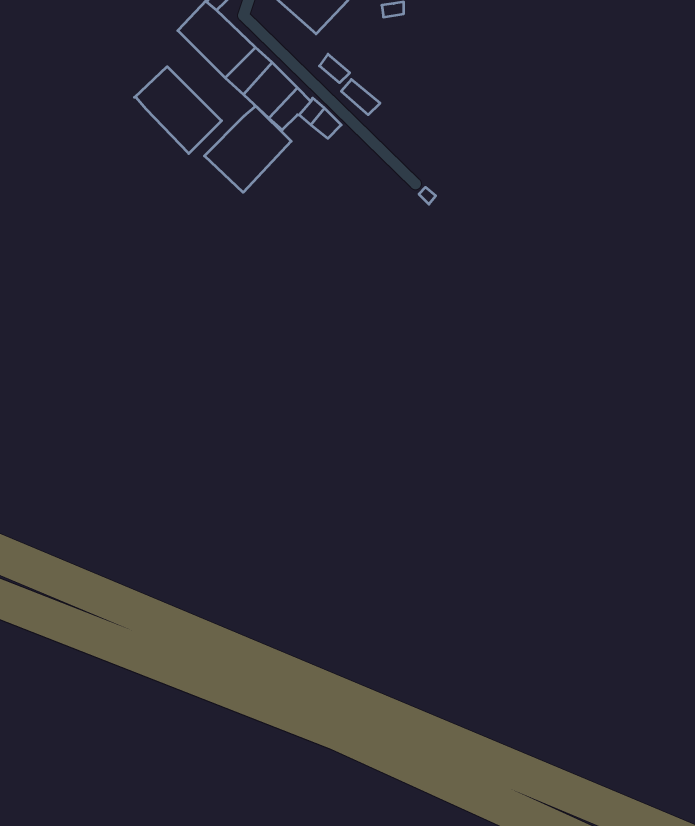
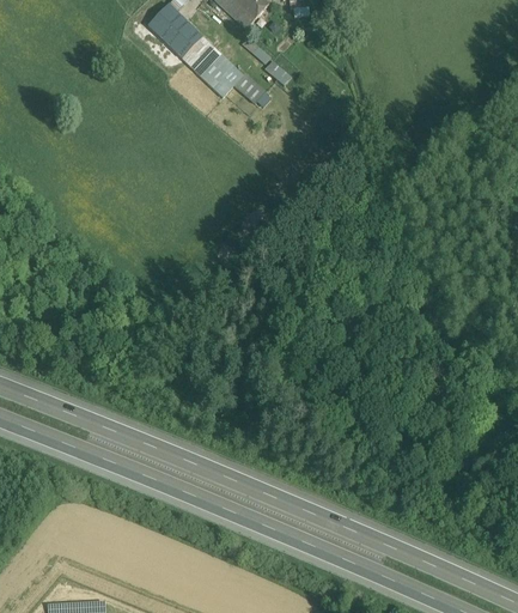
building: [134,67,222,154] -> none
building: [204,105,291,192] -> none

